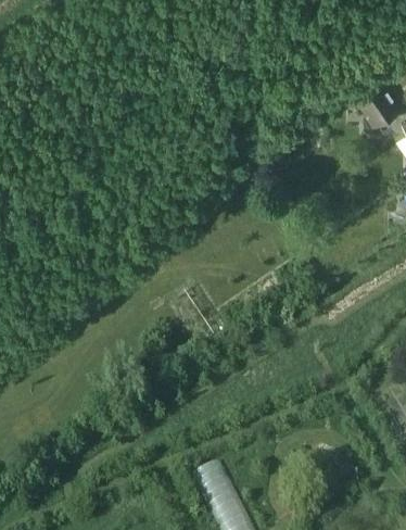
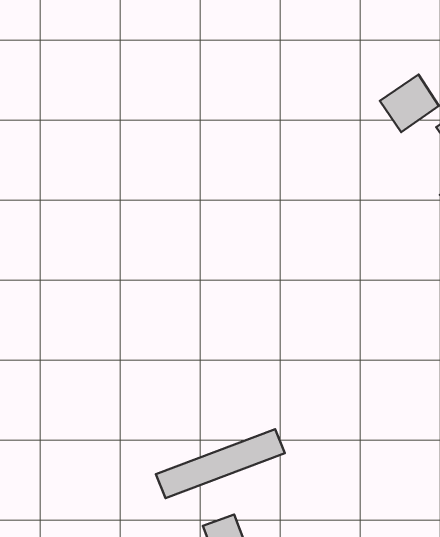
building: none -> [156,429,285,498]

